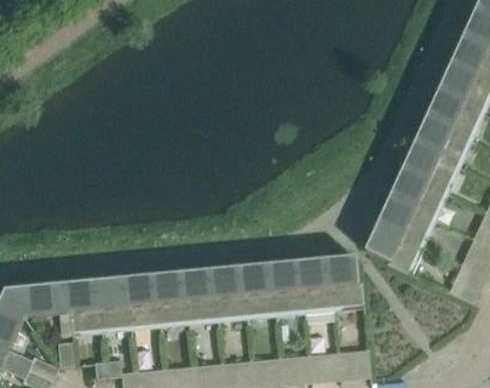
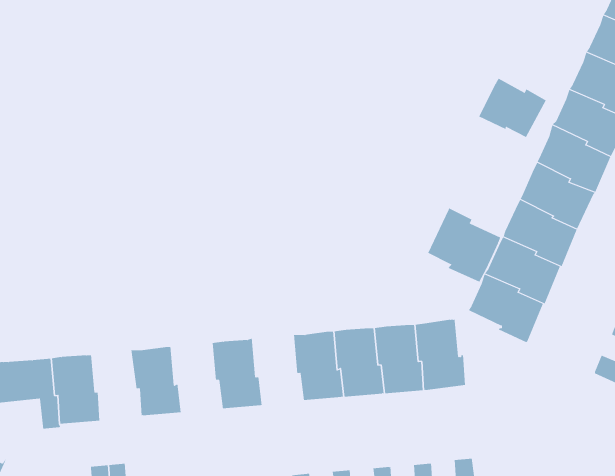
building: none -> [479,78,547,138]
building: none -> [427,208,501,283]
building: [211,267,247,318] -> none
building: [152,273,189,323] -> none
building: [96,278,131,329] -> none

